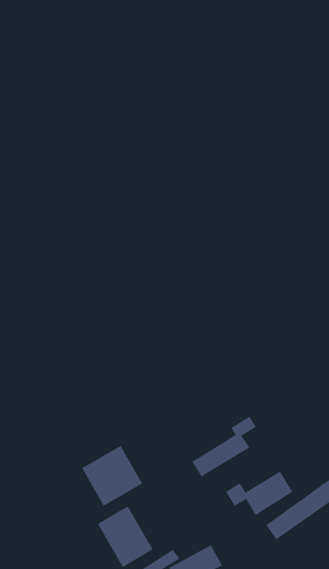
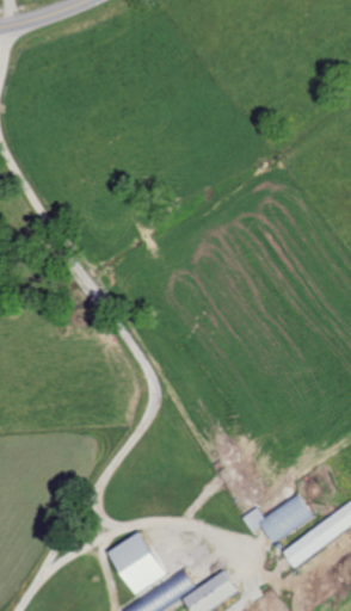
building: [192,416,257,477] -> none
building: [82,445,143,507] -> none

